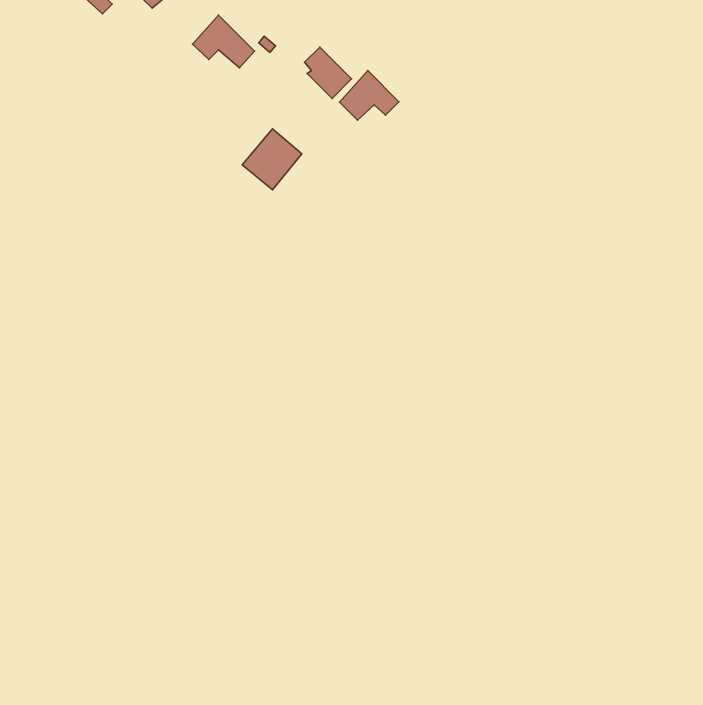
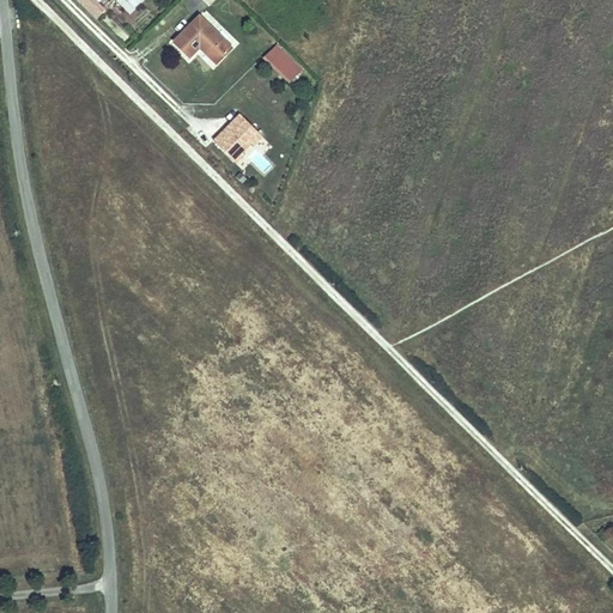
building: [340,71,399,120] -> none

